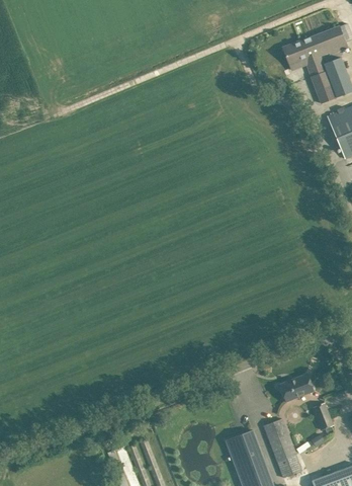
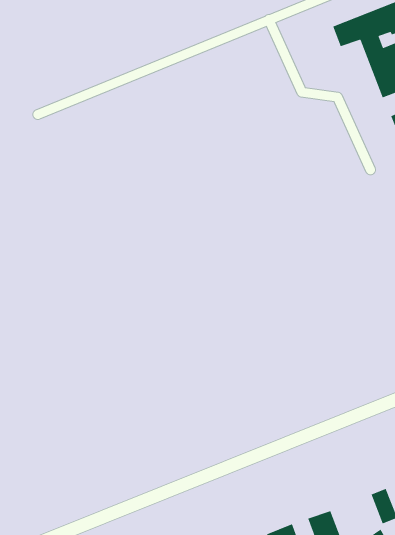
building: [279,374,315,402] -> none

